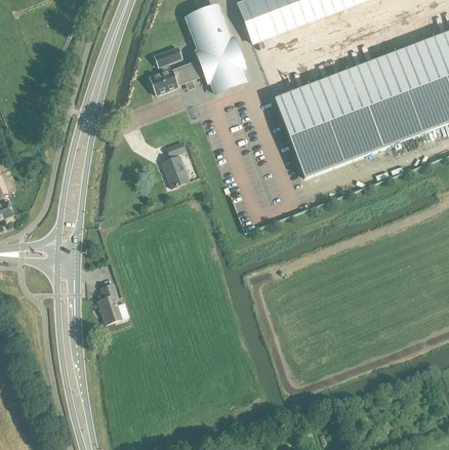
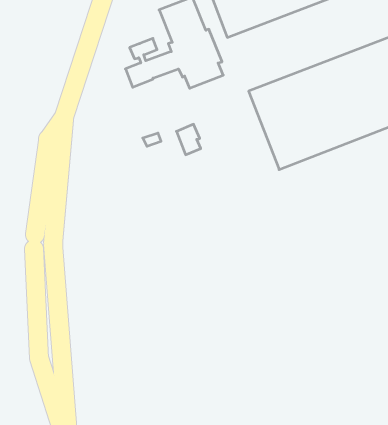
building: [162,154,187,185] -> [176,124,201,155]
building: [98,282,120,321] -> none

